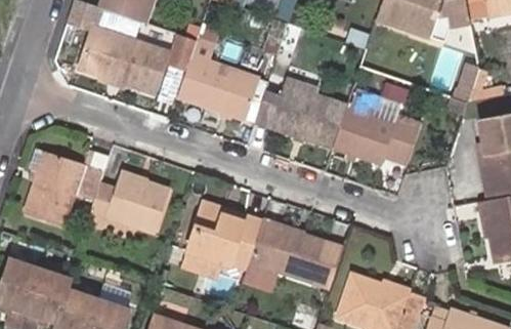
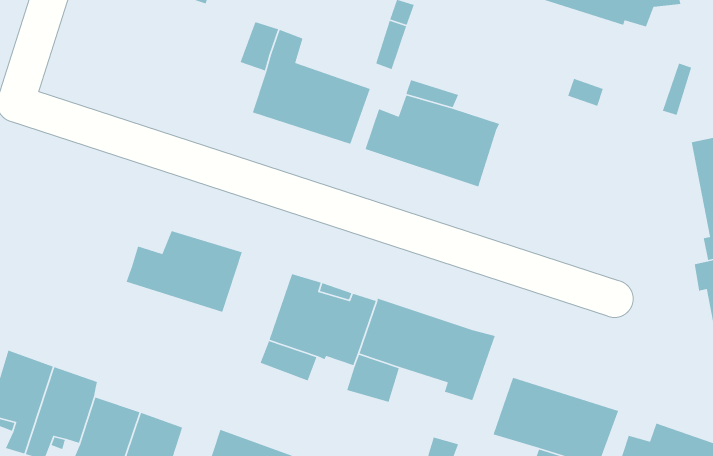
building: [81,33,167,98] -> none
building: [330,94,416,169] -> none
building: [30,155,105,223] -> none

